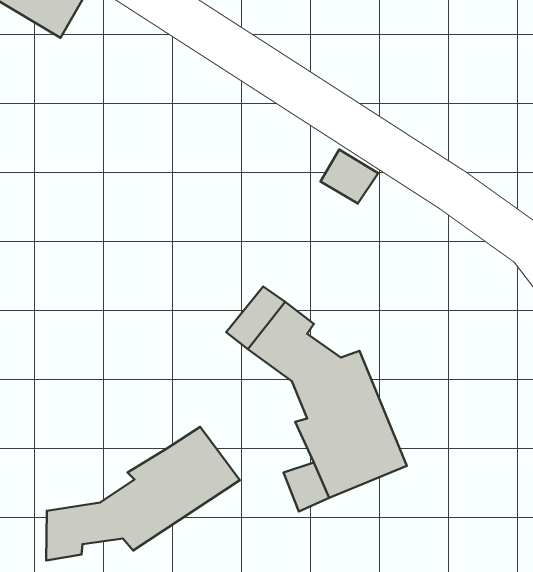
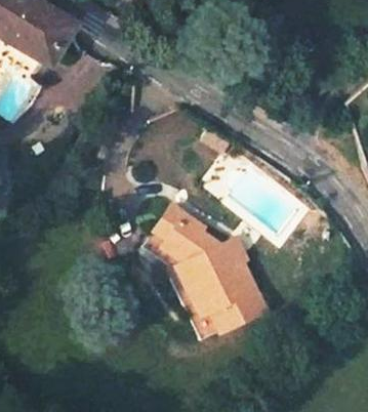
building: [46,427,240,561] -> none

